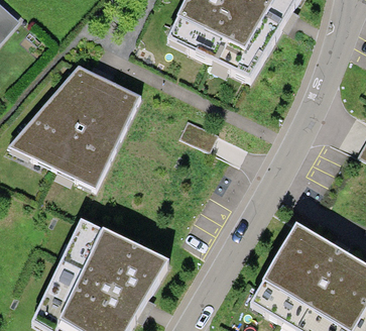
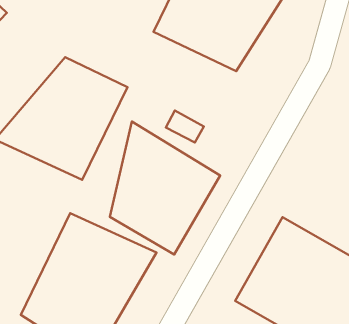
building: none -> [110,121,220,255]

